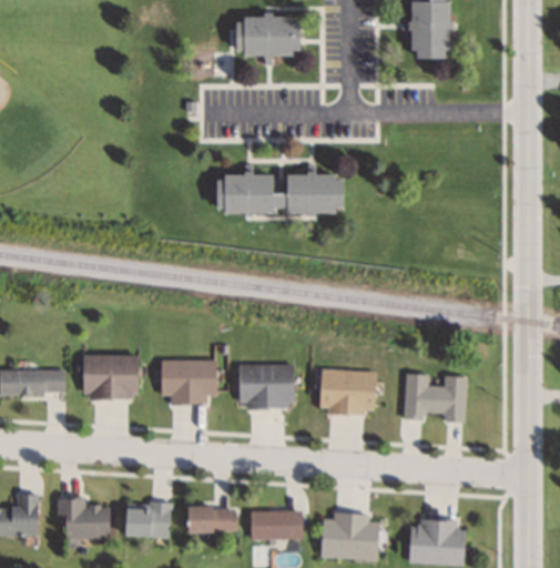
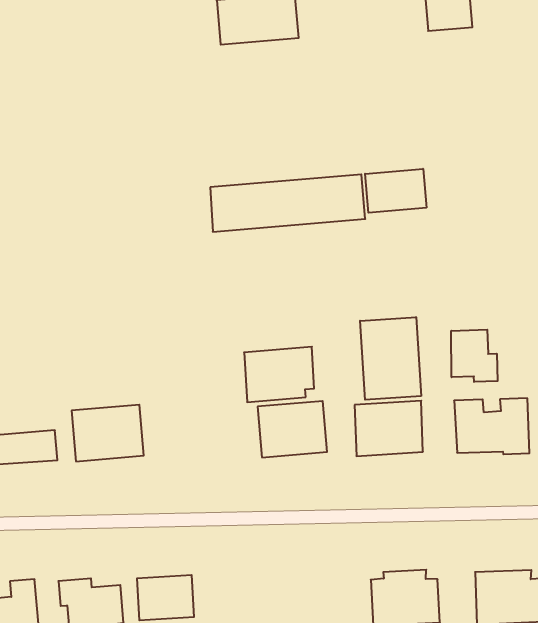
building: none -> [365,169,426,213]
building: none -> [360,317,421,400]
building: none -> [451,330,498,382]
building: [160,359,218,402] -> [244,347,314,402]
building: [185,506,237,530] -> none
building: [251,510,303,538] -> none

